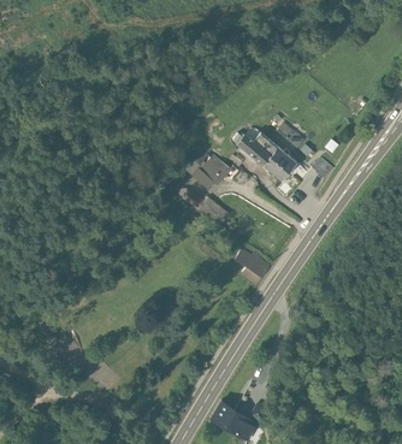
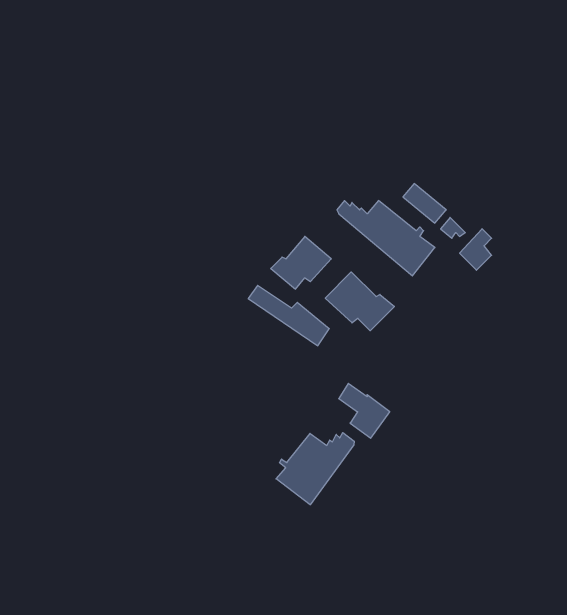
building: none -> [325,272,394,331]
building: none -> [276,433,354,505]

